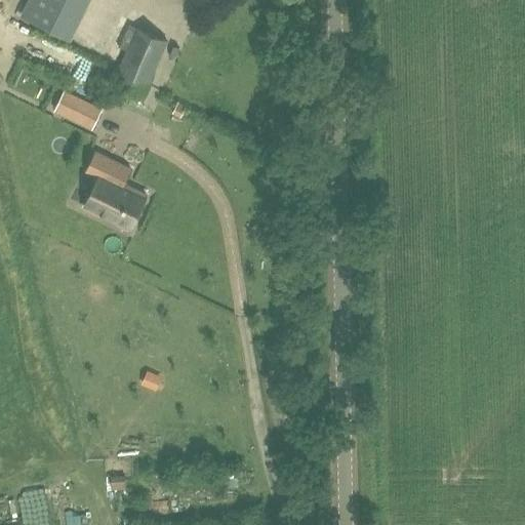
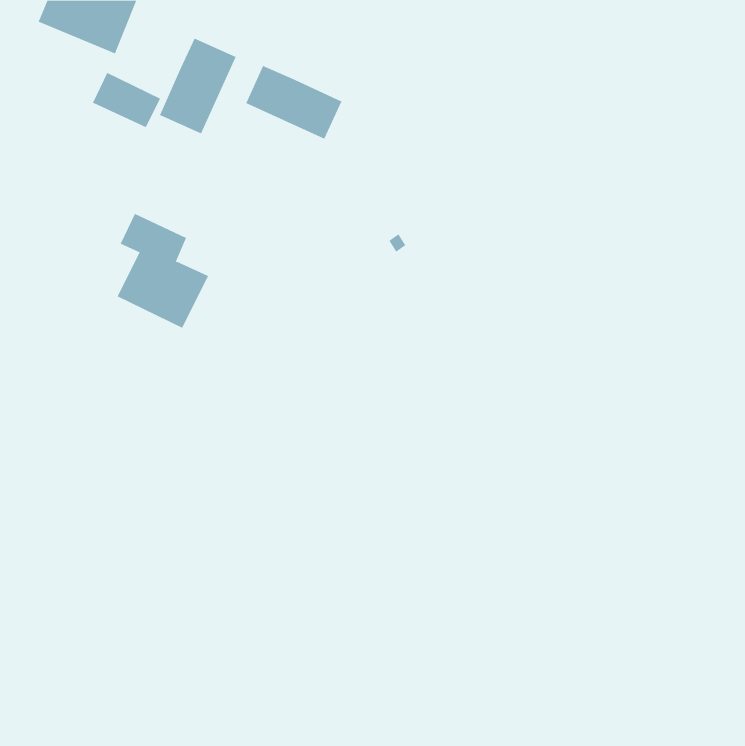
building: none -> [245,65,342,139]
building: [53,89,102,128] -> [92,72,161,128]

